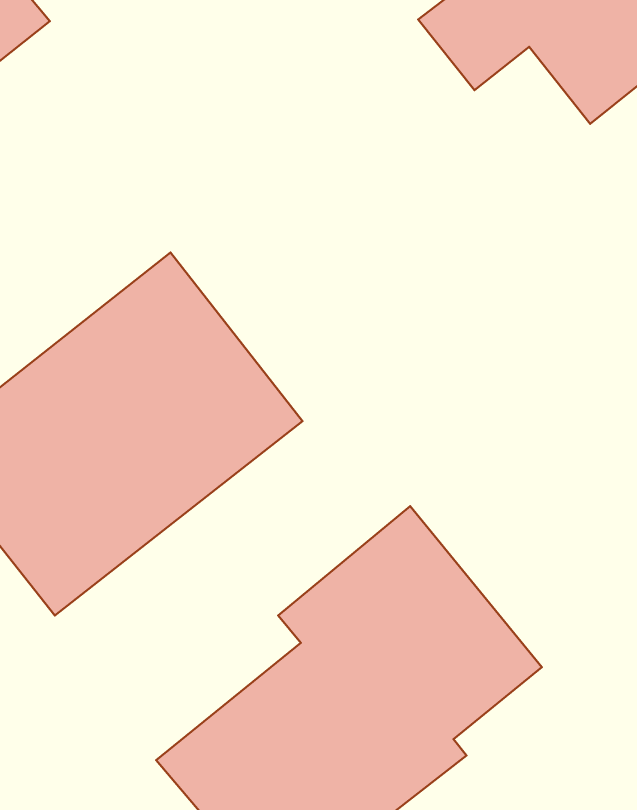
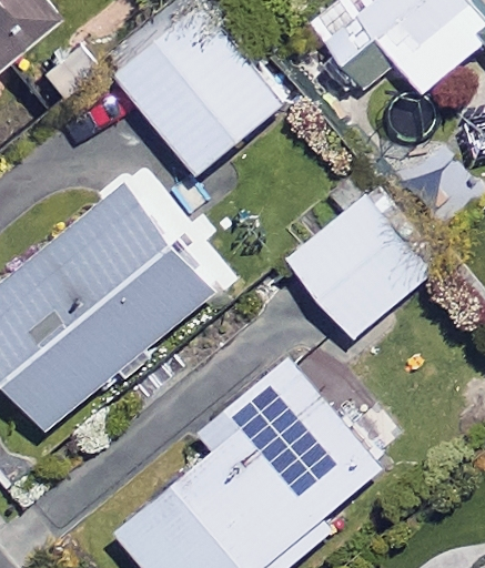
building: none -> [105,12,286,173]
building: none -> [287,191,434,336]

